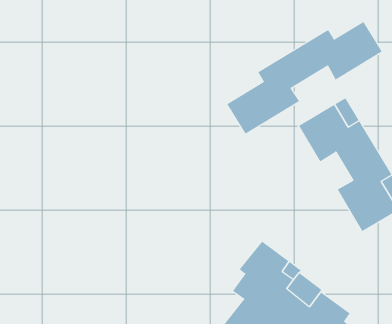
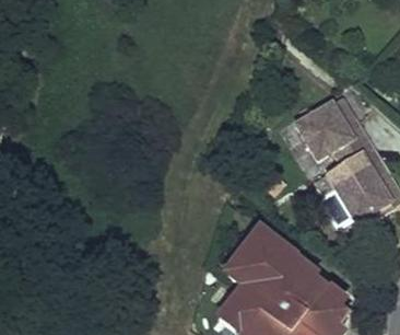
building: [227,21,382,135] -> none

